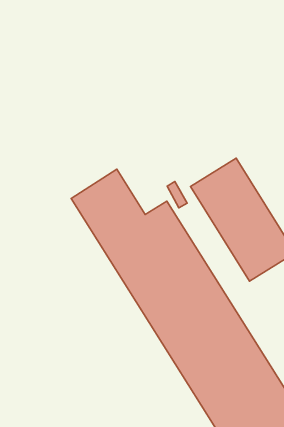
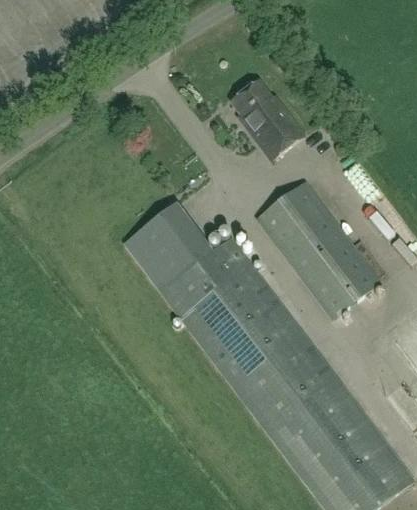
building: none -> [231,80,303,159]

